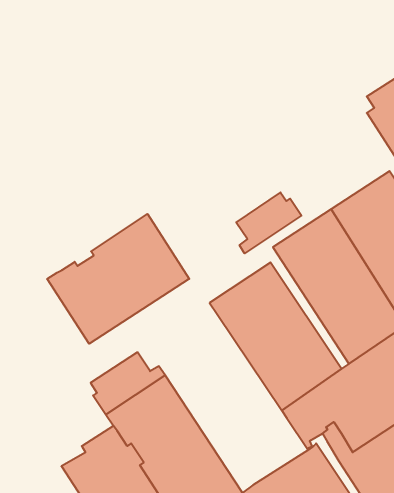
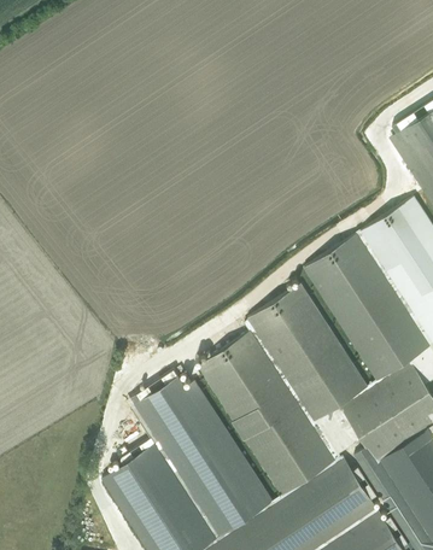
building: [236,192,301,253] -> none
building: [47,214,189,344] -> none
building: none -> [200,333,337,496]

